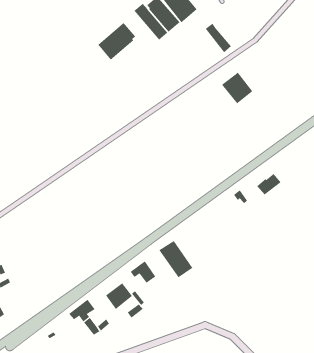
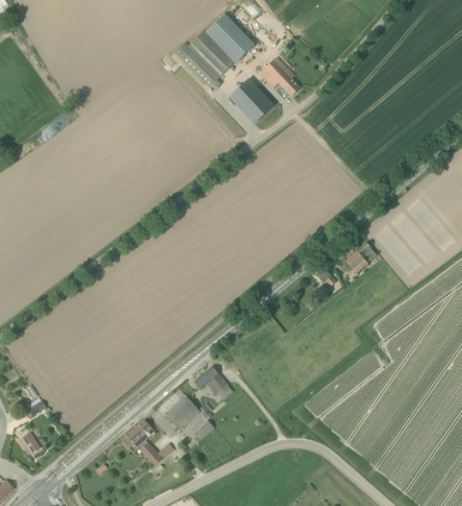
building: [97,22,136,60] -> none
building: [221,72,253,104] -> [233,82,274,122]
building: [158,240,193,278] -> none

